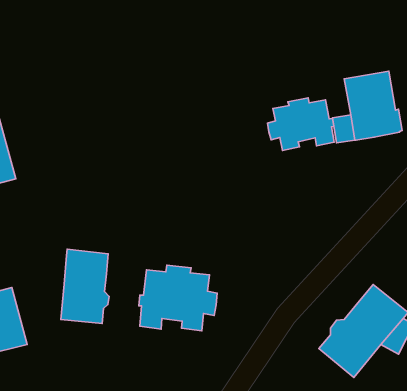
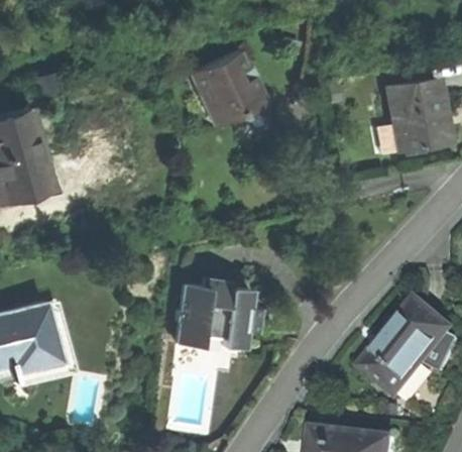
building: none -> [188,49,269,141]
building: [267,98,334,151] -> none
building: [61,249,109,323] -> none

